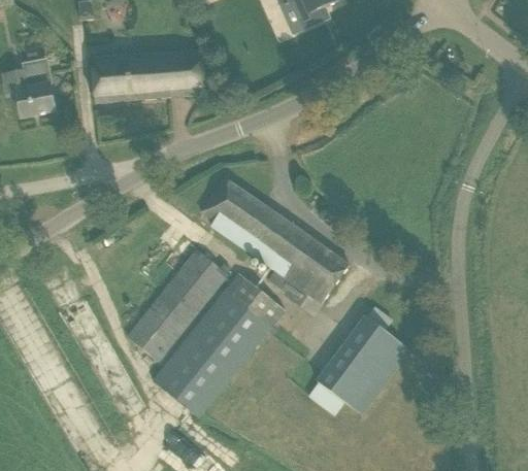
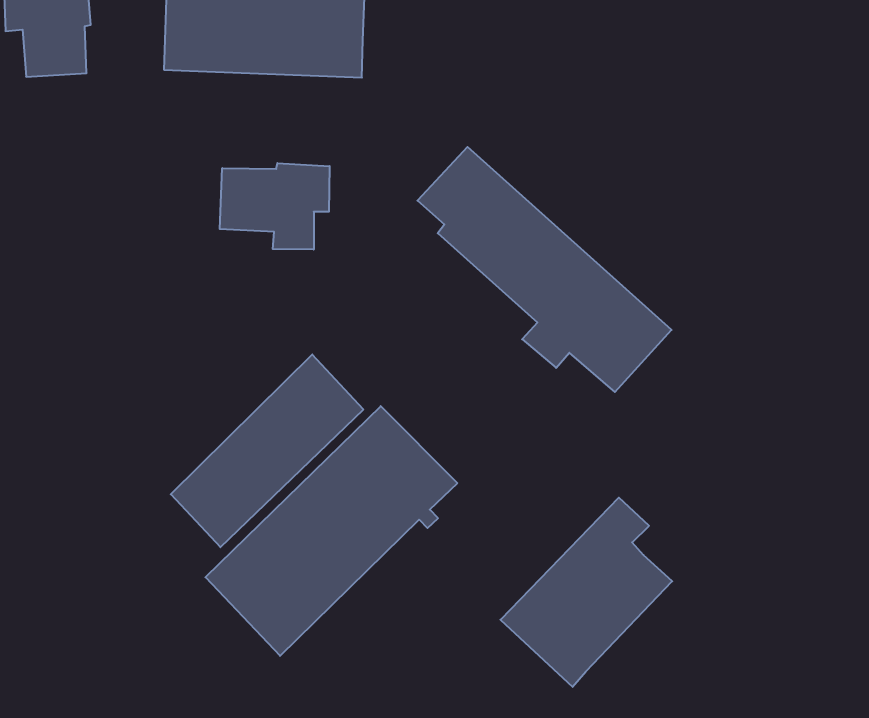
building: none -> [220,163,330,250]
building: [201,177,350,302] -> [417,147,672,392]

